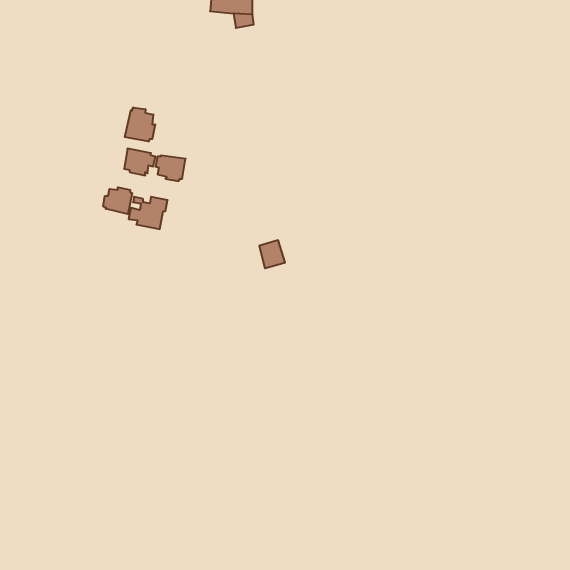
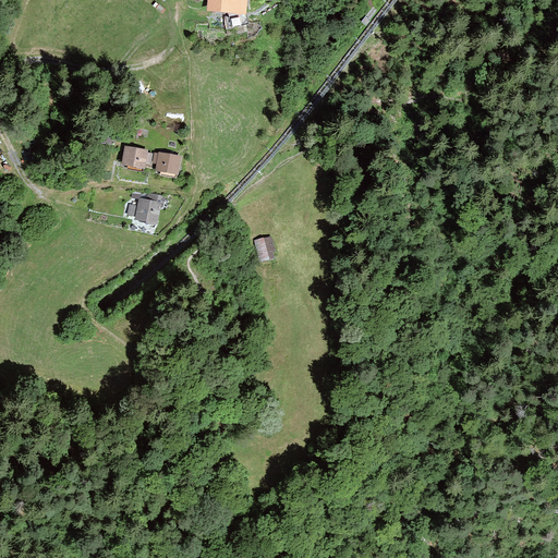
building: [125,107,155,142] -> none
building: [103,187,132,214] -> none

